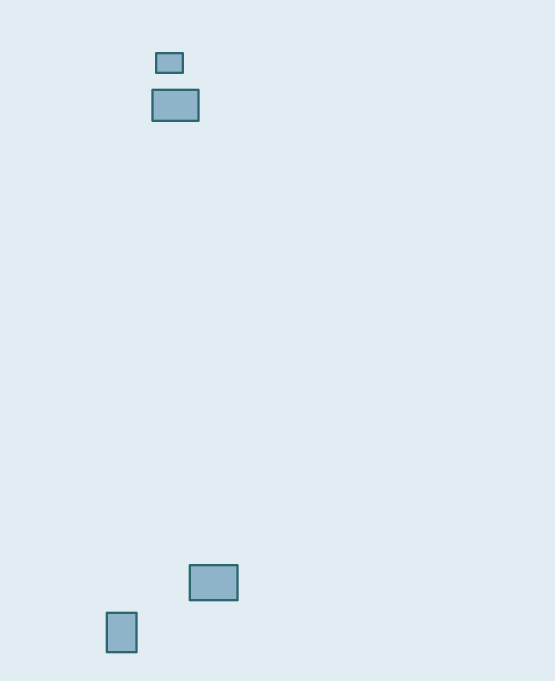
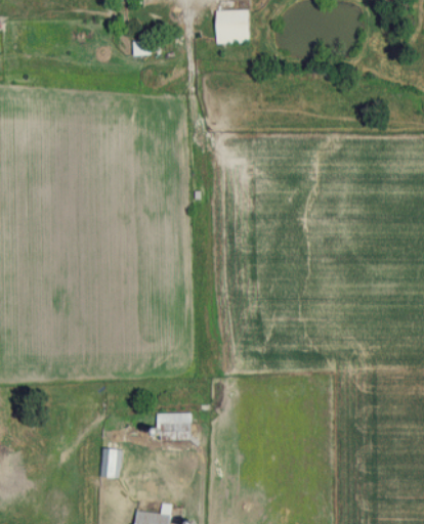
building: none -> [215,10,249,44]
building: [153,90,199,121] -> none

